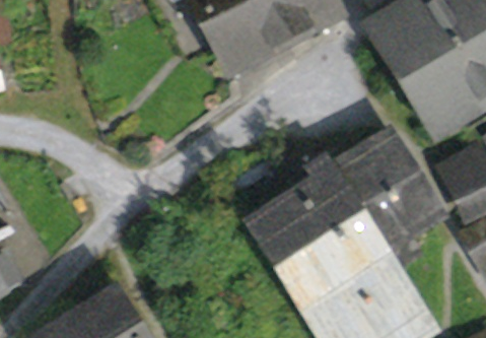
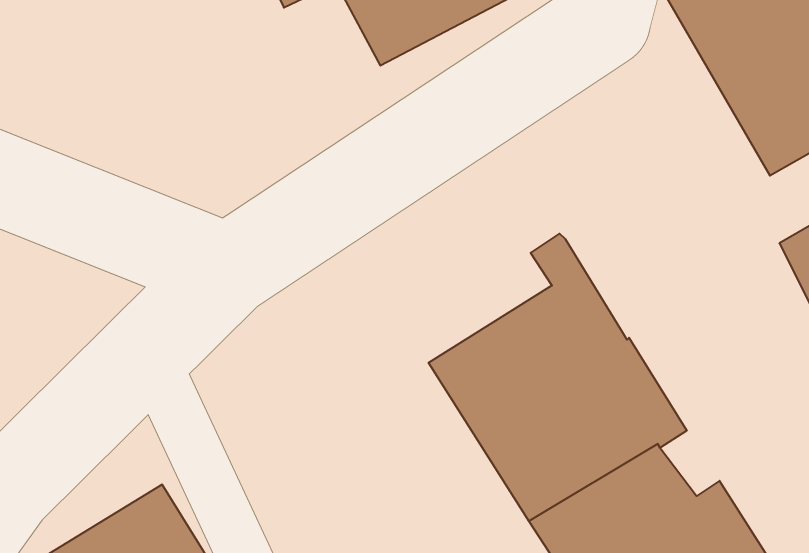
building: [327,137,437,266] -> none

